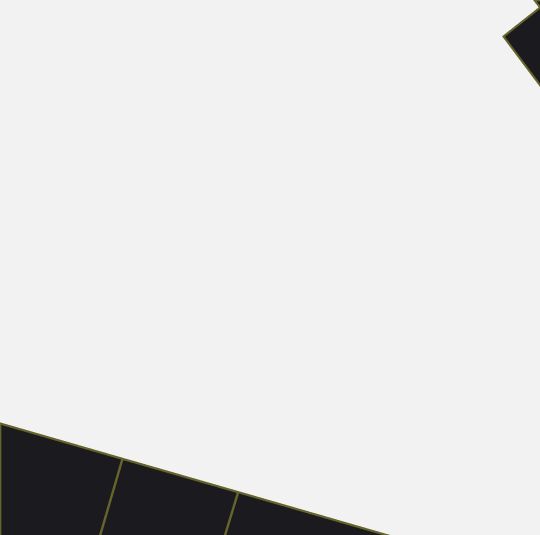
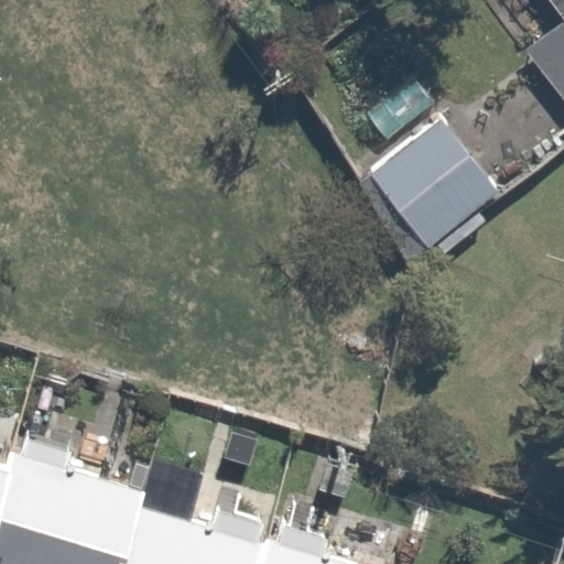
building: none -> [368,121,499,253]

